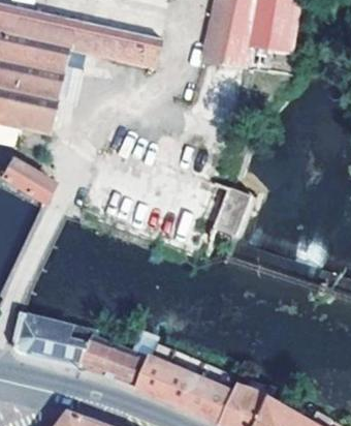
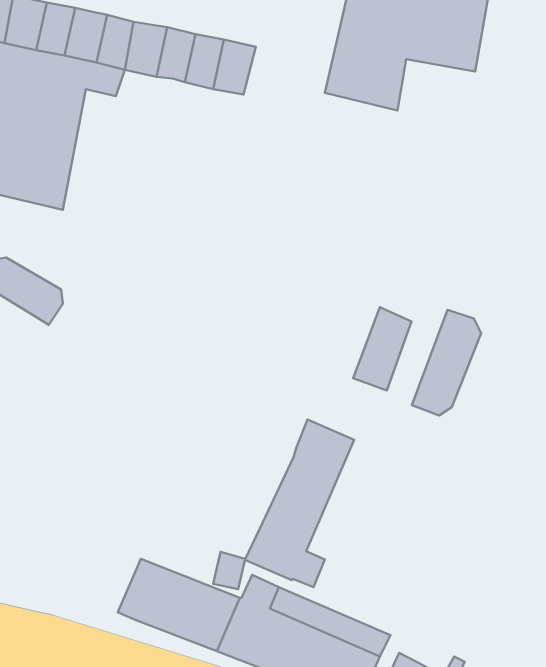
building: none -> [412,310,481,415]
building: none -> [245,420,354,587]
building: [18,314,95,367] -> none

